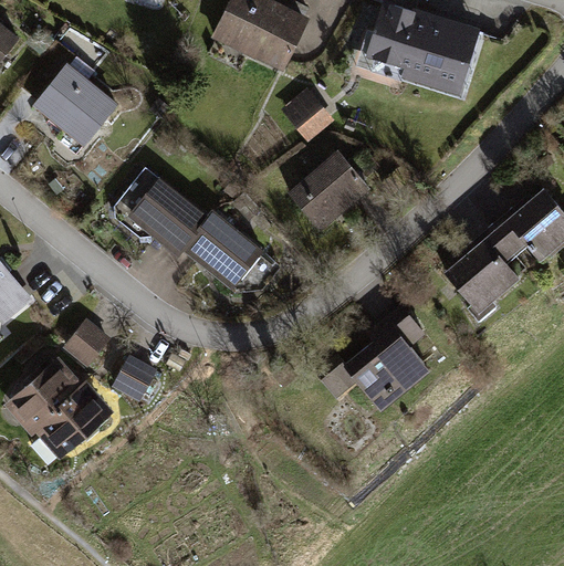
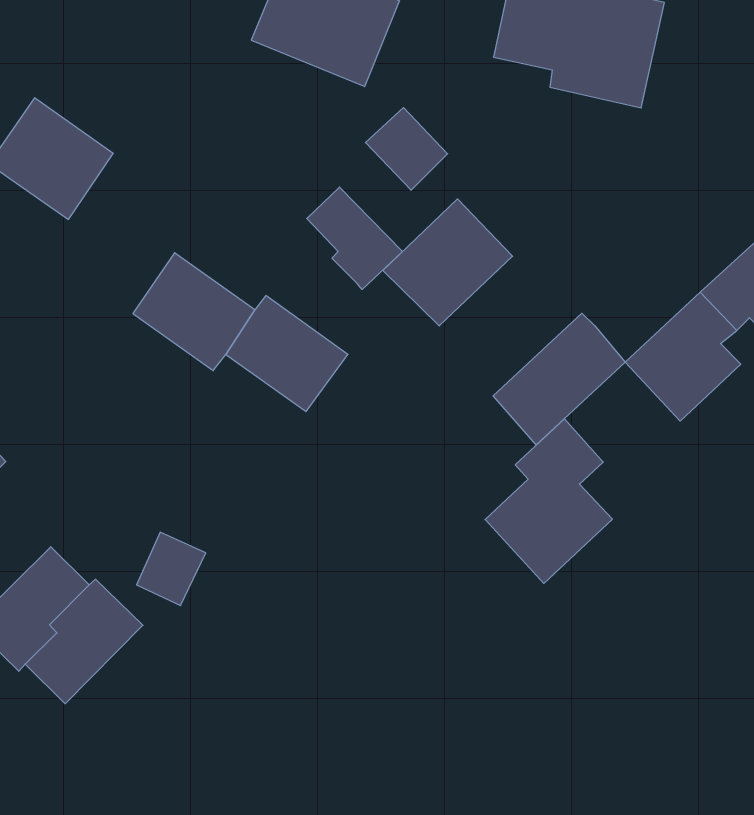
building: none -> [307,187,402,289]
building: none -> [493,313,625,445]
building: [63,319,111,368] -> none

